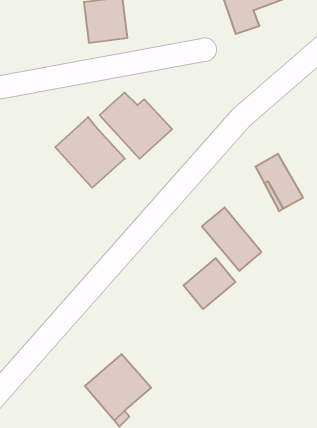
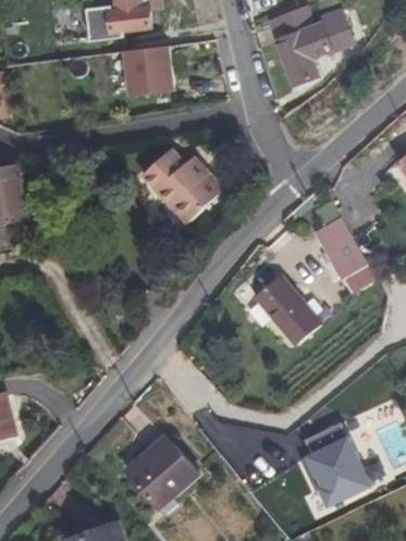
building: [55,117,125,188] -> none
building: [183,258,235,309] -> none
building: none -> [307,434,370,503]

